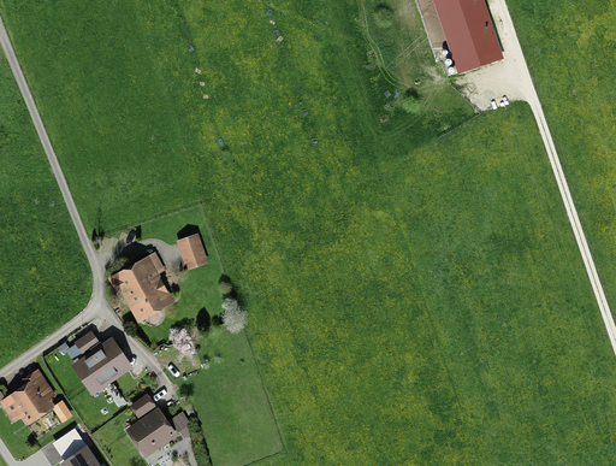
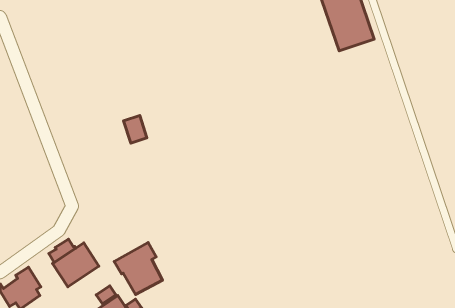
building: [177,232,208,270] -> [124,116,147,143]
building: [109,252,174,322] -> [114,243,162,294]

